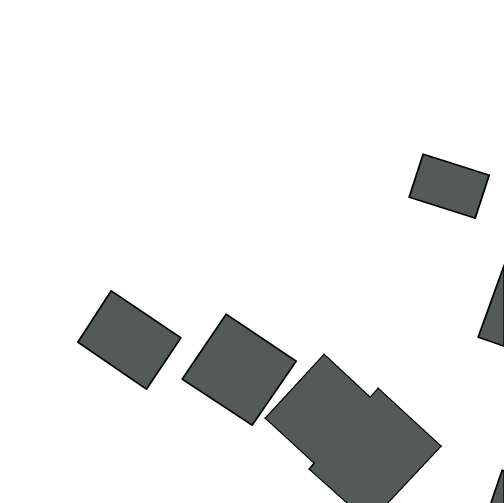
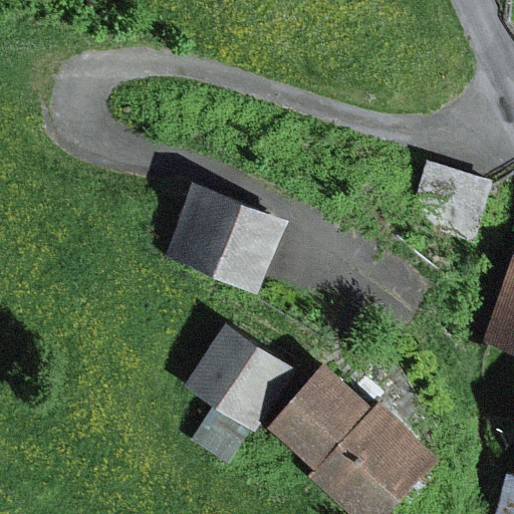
building: none -> [162,183,287,299]
building: [78,291,181,389] -> none

